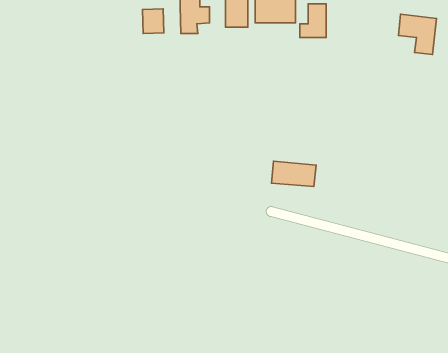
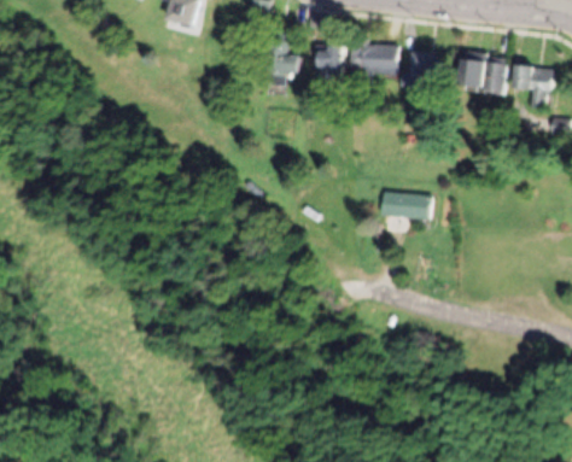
building: none -> [459,53,509,94]
building: [143,9,164,33] -> none
building: [271,161,316,187] -> [379,191,430,220]

